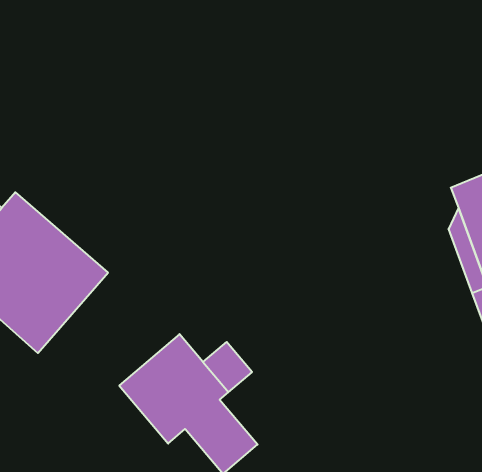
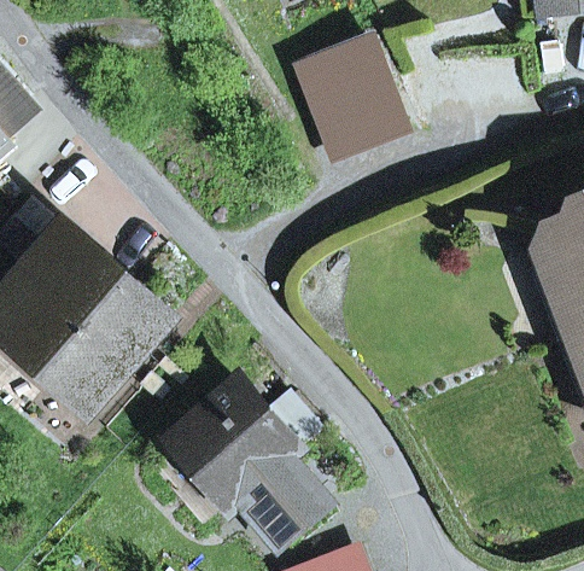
building: none -> [309,45,405,158]

